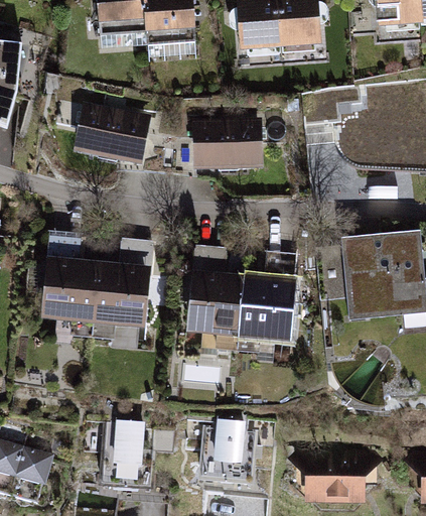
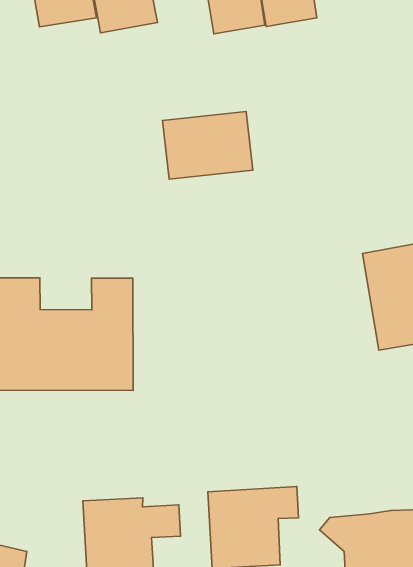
building: [73,100,150,162] -> none
building: [188,247,300,344] -> none

